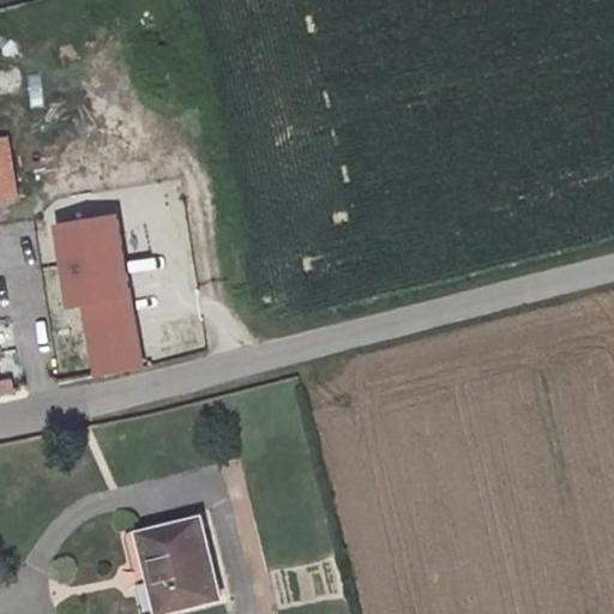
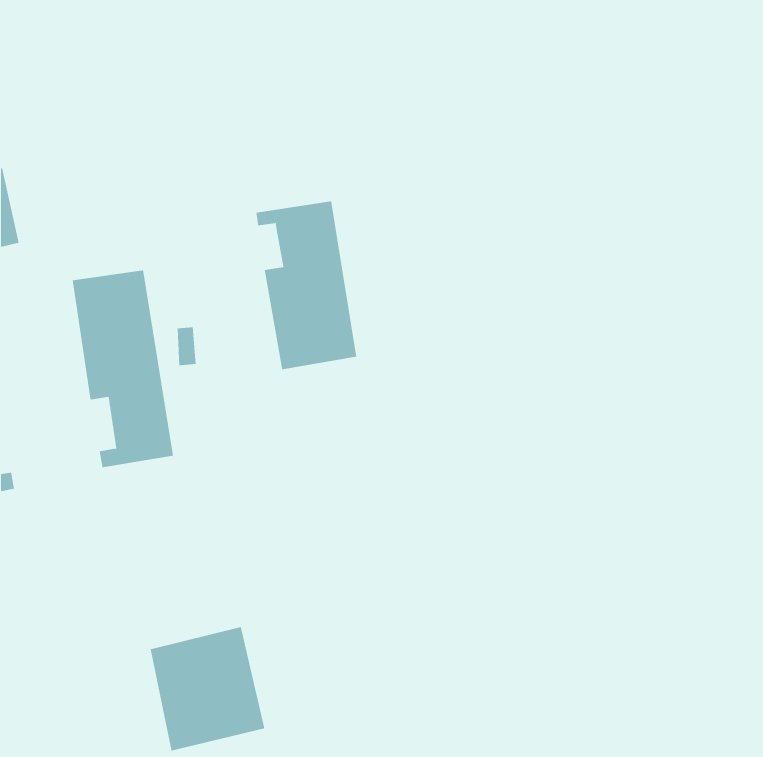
building: none -> [256,200,357,370]

